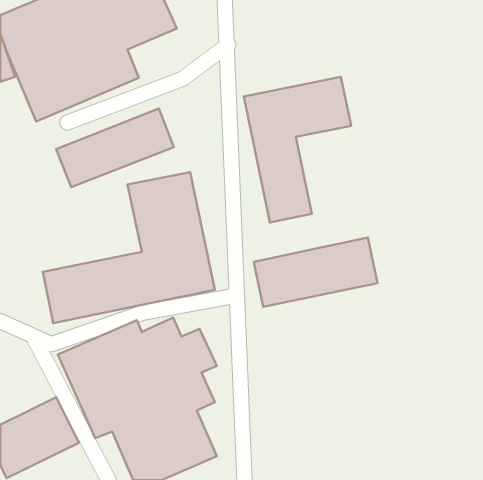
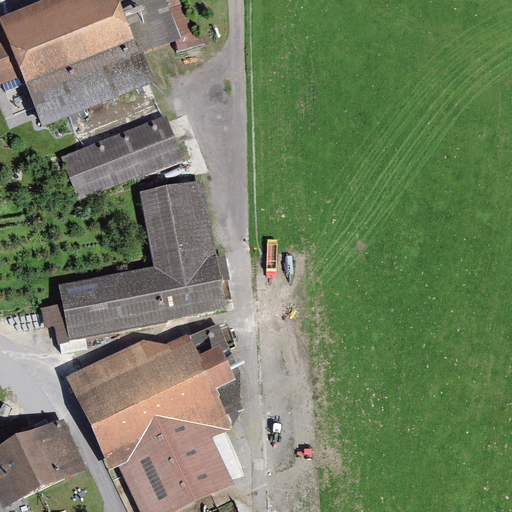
building: [244,77,351,223] -> none
building: [254,237,378,307] -> none

